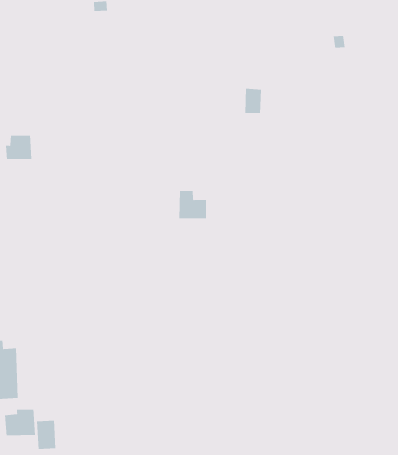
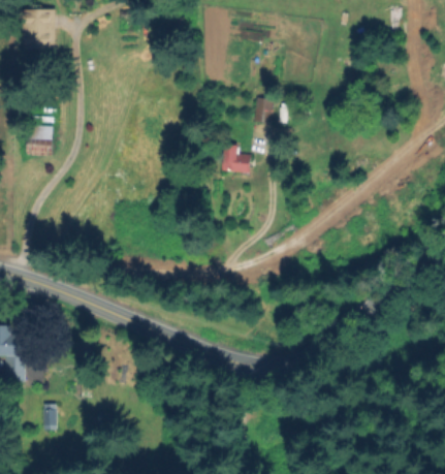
building: [179,191,207,219] -> [222,144,250,171]
building: [5,409,35,436] -> none

